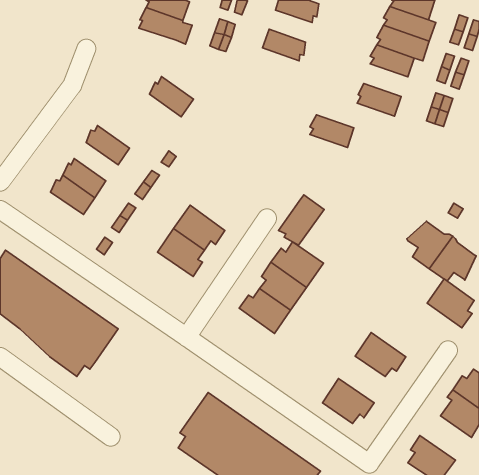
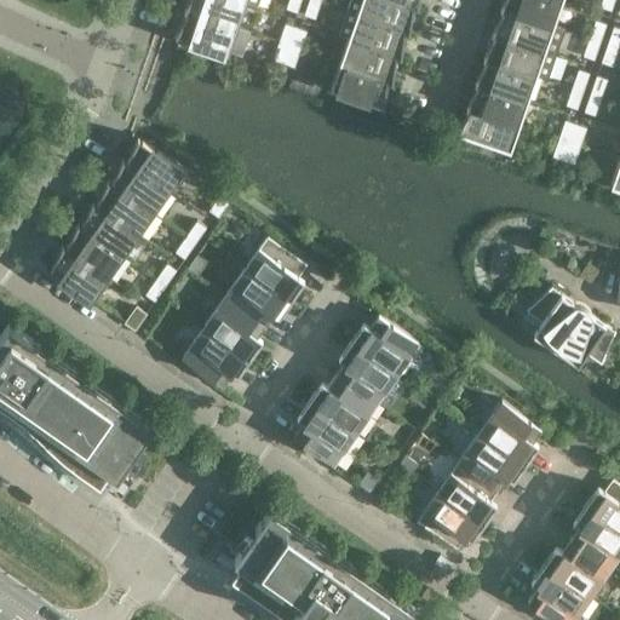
building: none -> [348,18,403,59]
building: none -> [331,67,386,110]
building: [149,77,193,117] -> [126,144,183,196]
building: [310,115,354,148] -> [470,87,527,130]
building: none -> [96,189,153,239]
building: none -> [246,240,306,303]
building: none -> [50,253,108,304]
building: [278,195,324,245] -> none
building: none -> [182,331,249,389]
building: [427,279,474,328] -> [480,403,540,466]
building: none -> [293,403,355,466]
building: none -> [437,465,498,526]
building: none -> [542,542,609,599]

